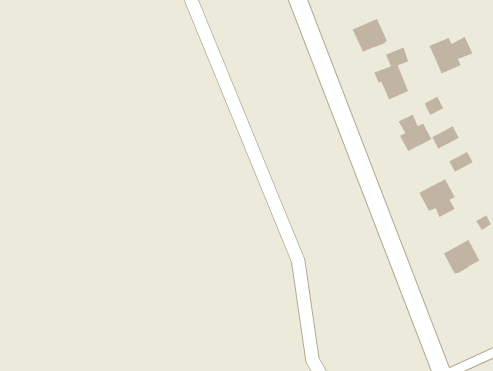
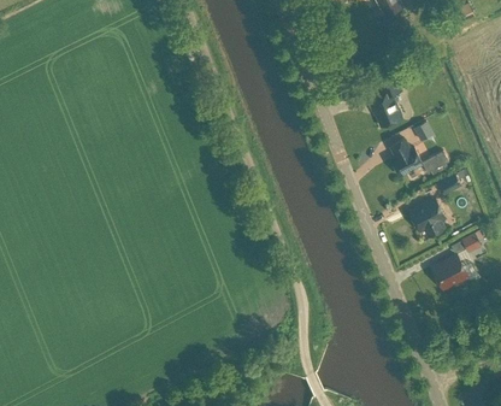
building: [352,18,388,53] -> none
building: [429,36,473,74] -> none

